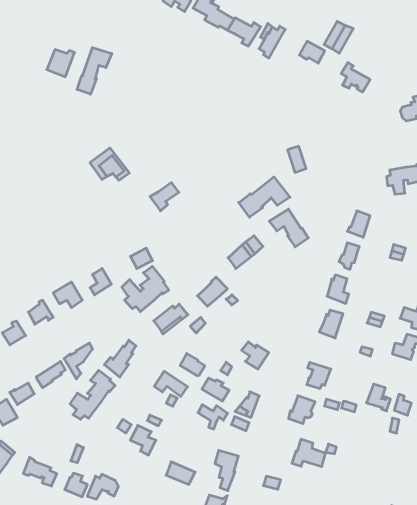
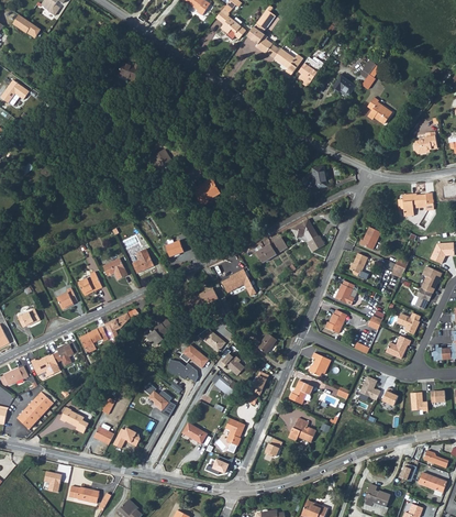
building: [77,48,112,94] -> none
building: [239,177,290,217] -> none
building: [122,266,169,312] -> none
building: [70,370,115,419] -> none

